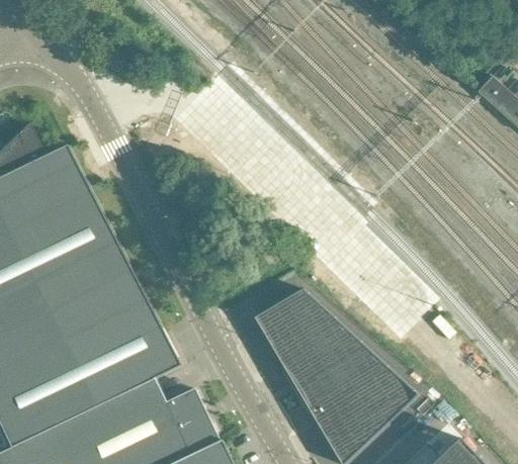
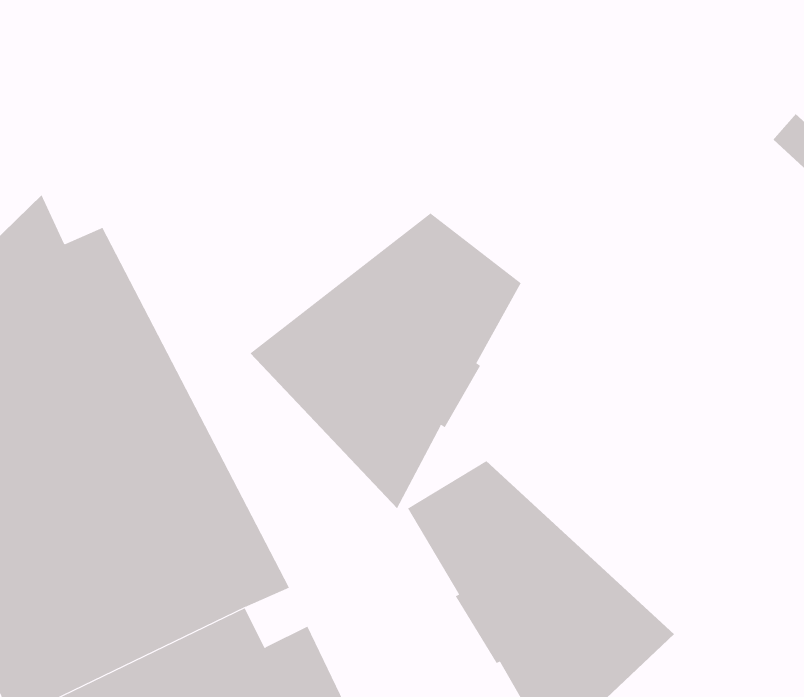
building: none -> [250,212,521,509]

